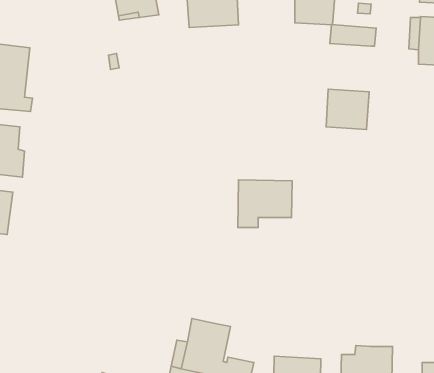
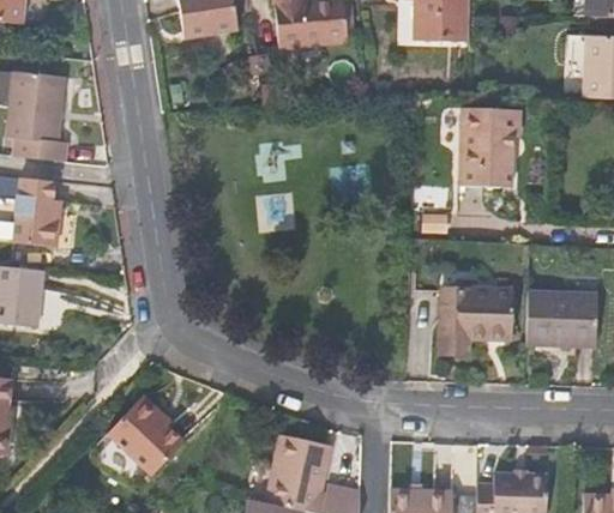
building: [330,25,376,46] -> [463,105,525,134]
building: [238,180,292,227] -> [440,286,513,350]
building: none -> [528,289,597,345]
building: none -> [109,397,183,473]

